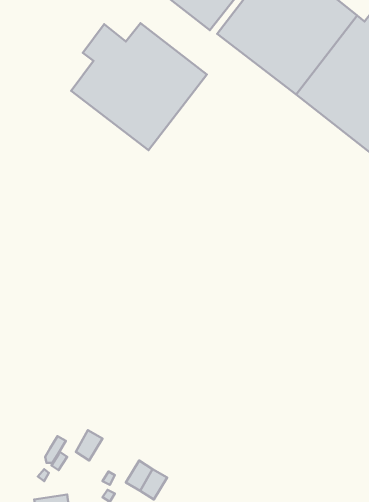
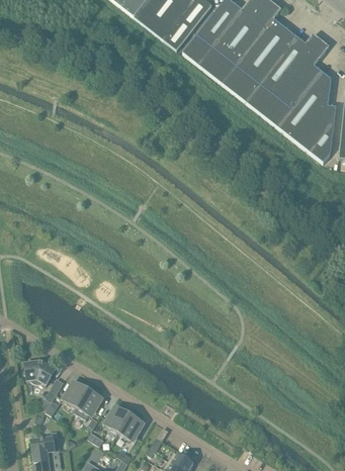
building: [71,23,207,150] -> none
building: none -> [24,358,56,383]
building: none -> [73,387,99,417]

